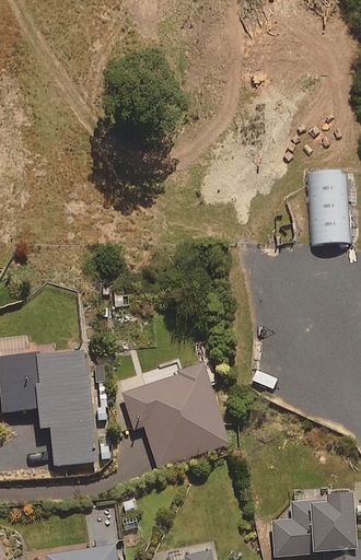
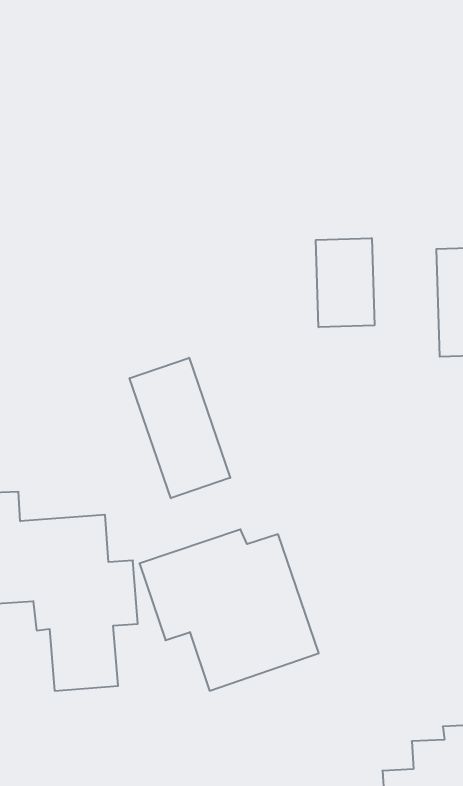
building: none -> [316,238,374,327]
building: none -> [130,358,230,498]

